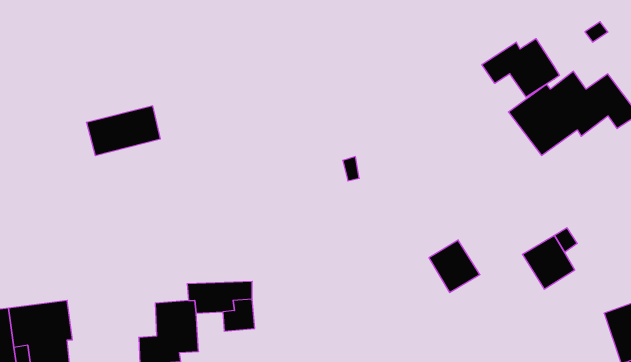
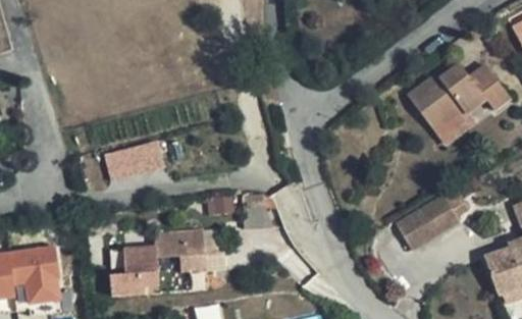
building: [482,39,559,97] -> none
building: [86,106,160,156] -> [105,139,164,178]
building: [429,240,480,292] -> [397,210,437,252]

